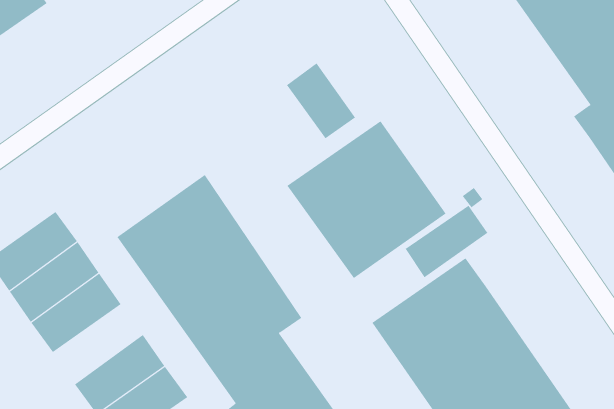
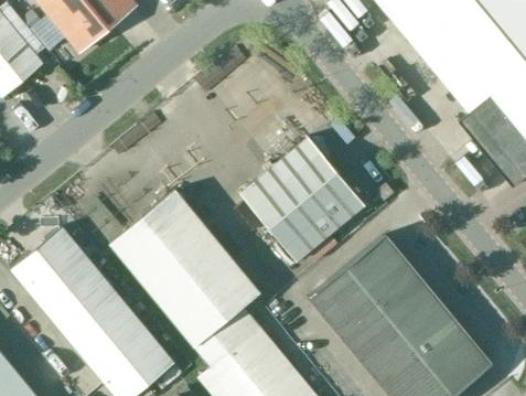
building: [286,62,356,139] -> none
building: [405,205,488,278] -> none
building: none -> [67,296,137,361]

